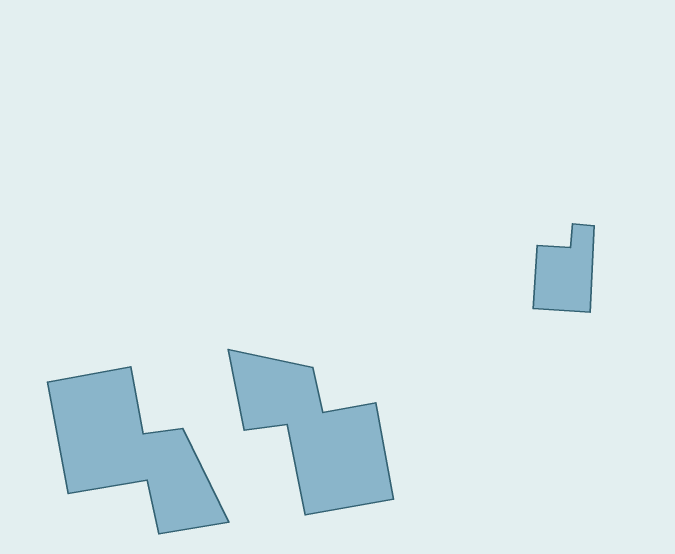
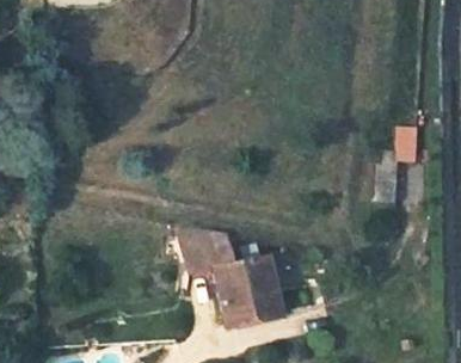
building: [47,367,229,534] -> none

